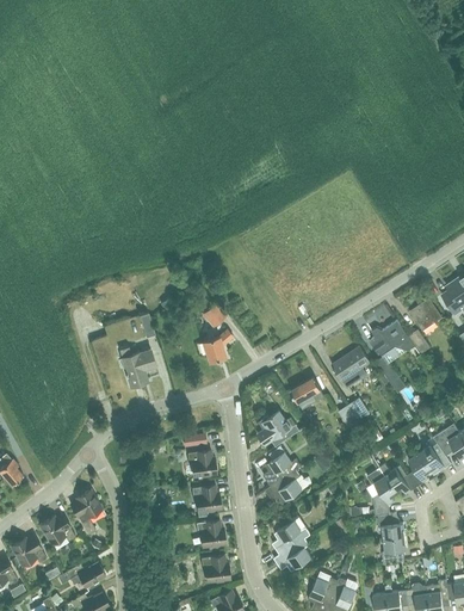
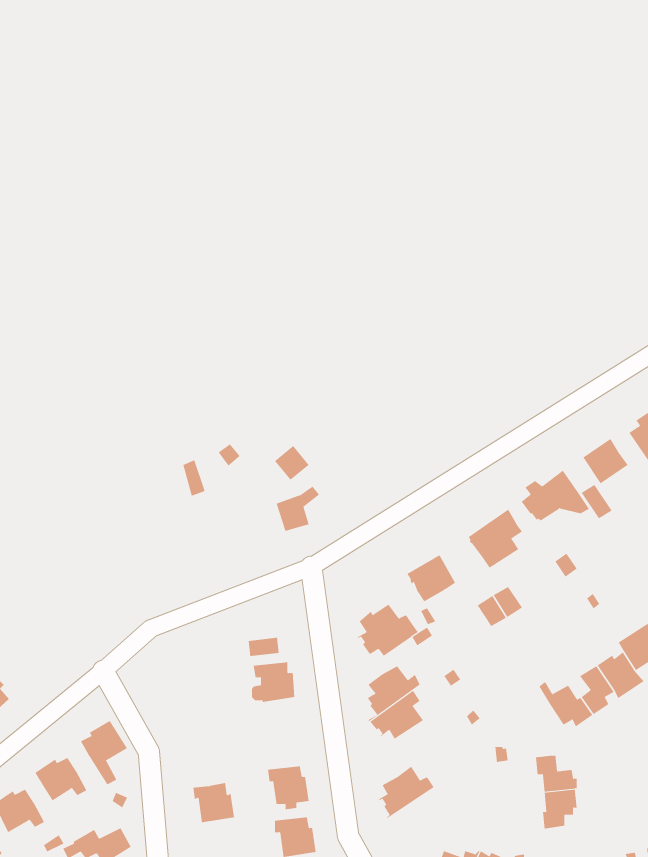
building: [119,346,156,387] -> none
building: [366,467,397,516] -> none
building: [192,485,221,512] -> [192,782,235,823]
building: [274,535,311,572] -> none

